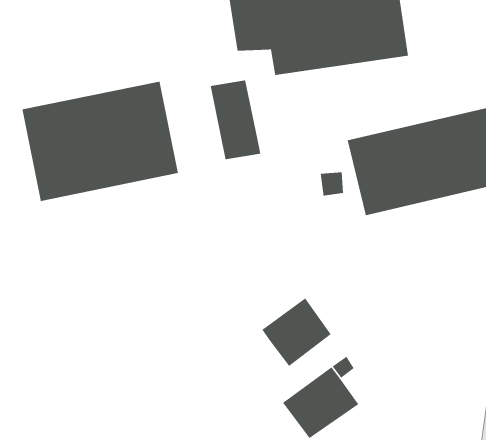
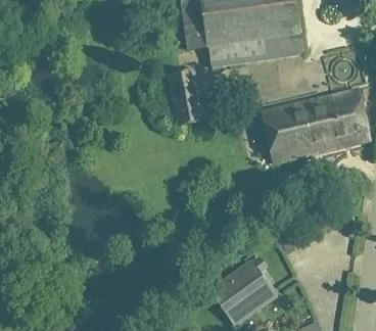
building: [22,81,178,202] -> none
building: [262,298,331,367] -> none

